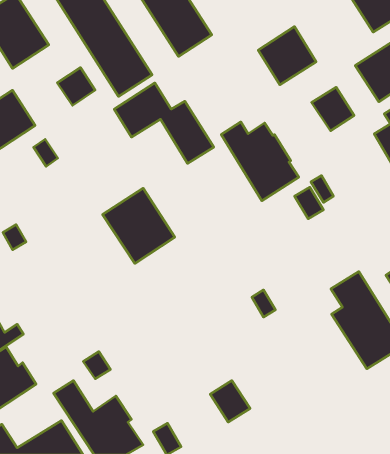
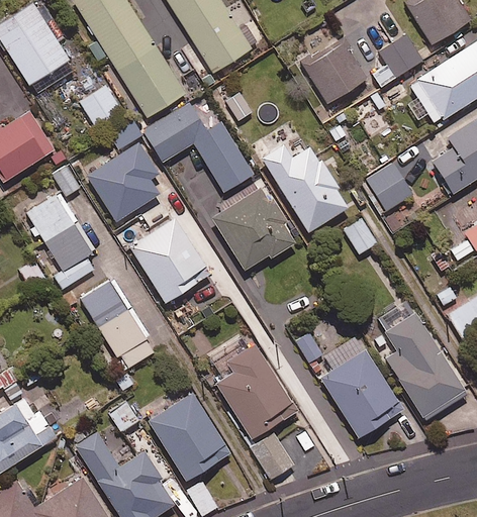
building: none -> [380,34,422,77]
building: [312,87,354,131] -> [365,163,412,211]
building: none -> [86,119,159,222]
building: none -> [212,187,296,270]
building: none -> [23,193,94,286]
building: none -> [80,279,157,371]
building: none -> [320,336,403,438]
building: none -> [216,345,297,440]
building: none -> [148,393,230,482]

